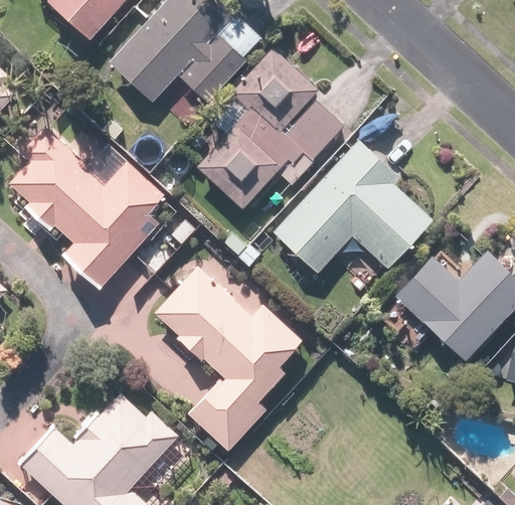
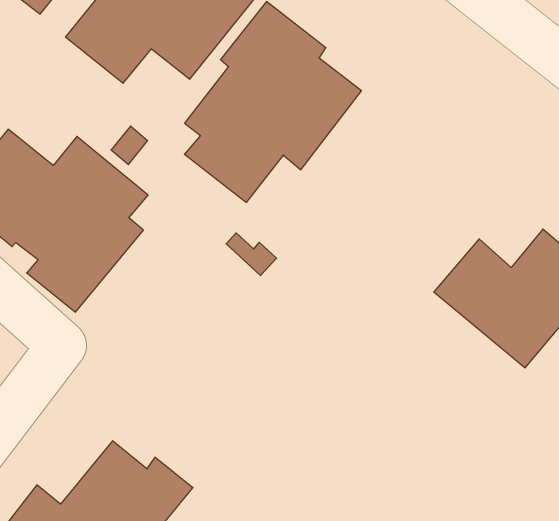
building: [275,140,432,274] -> none
building: [155,266,300,450] -> none

